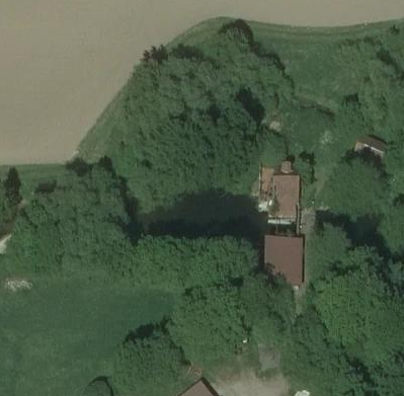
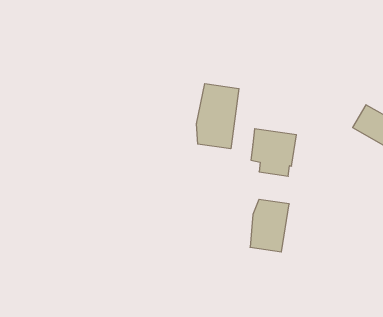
building: none -> [197,84,239,149]

